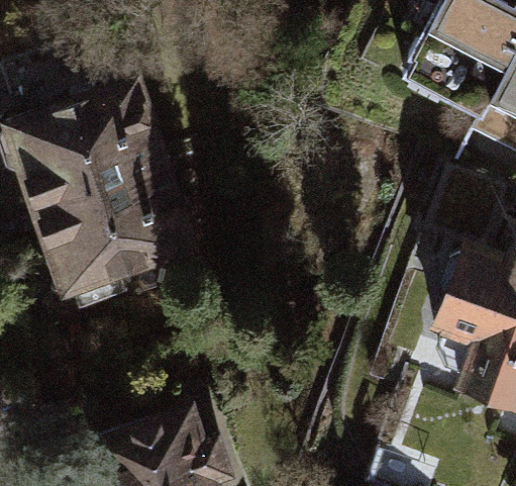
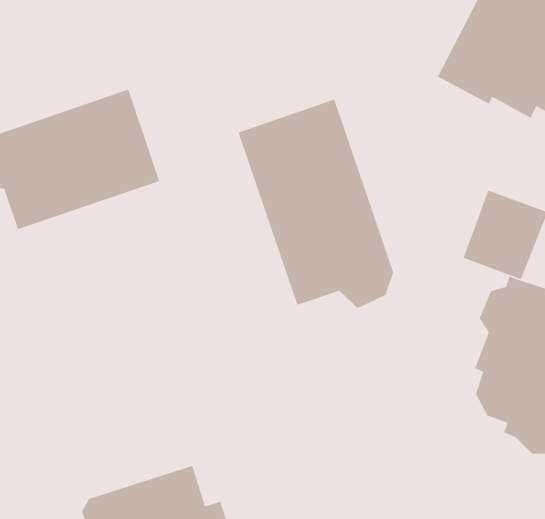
building: none -> [238,98,394,309]
building: [39,164,192,305] -> none

